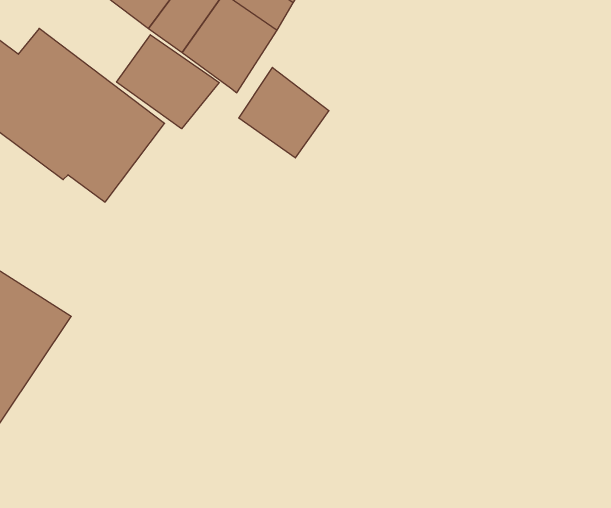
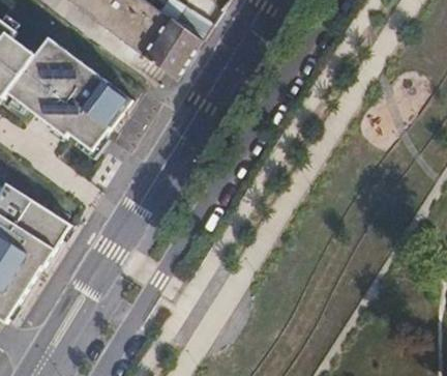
building: [117,35,219,129] -> none
building: [239,67,329,158] -> none

